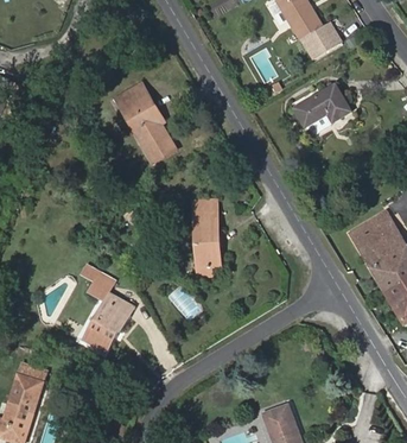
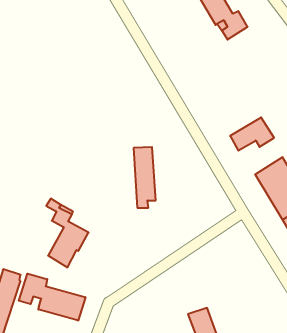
building: [115,82,176,162] -> none
building: [293,84,350,127] -> [230,117,274,151]
building: none -> [19,274,85,321]

